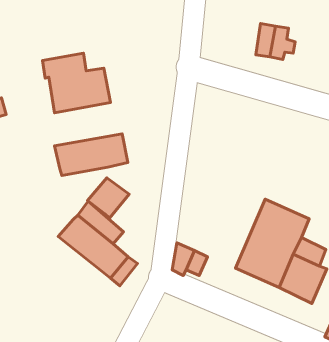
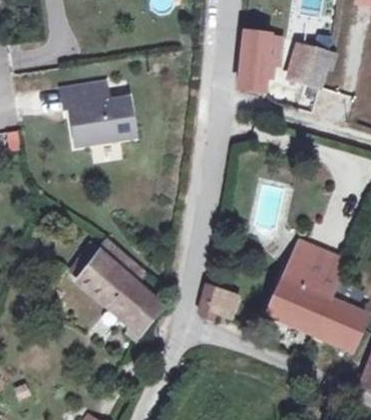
building: none -> [236,30,275,91]
building: [55,134,128,175] -> none
building: [88,178,129,218] -> none

